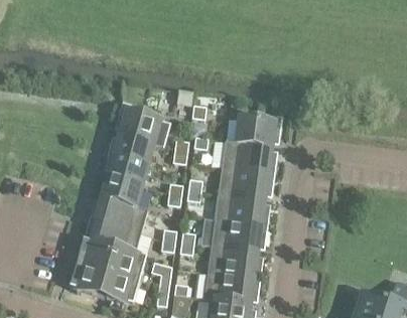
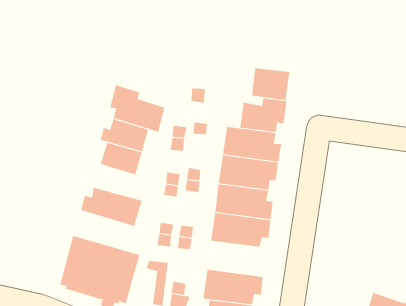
building: none -> [245,68,290,101]
building: [103,173,148,206] -> none
building: [84,215,146,257] -> none
building: [208,244,262,277] -> none

